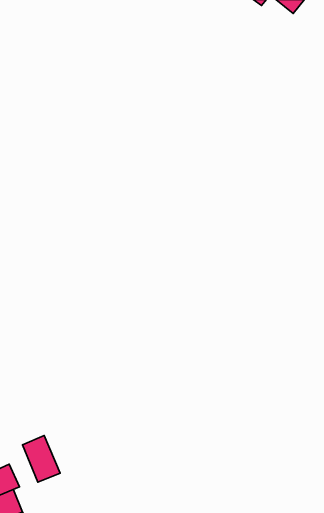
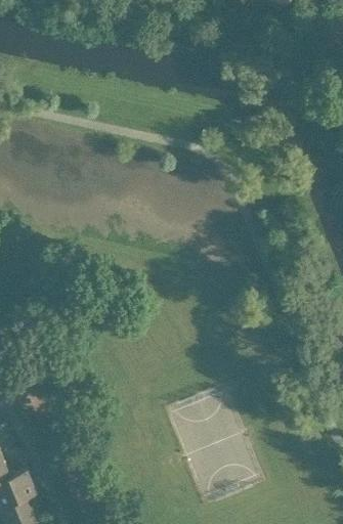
building: [23,435,60,482] -> none

